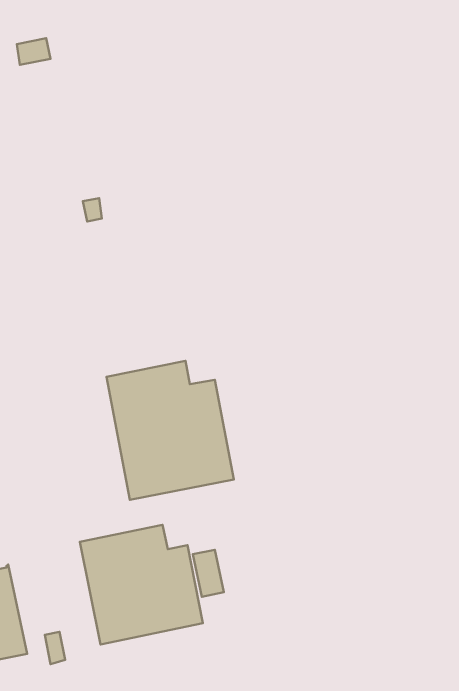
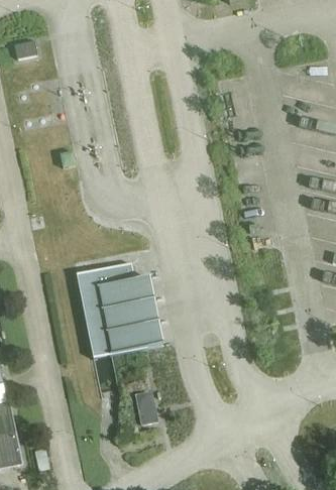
building: [80,525,203,645] -> none

